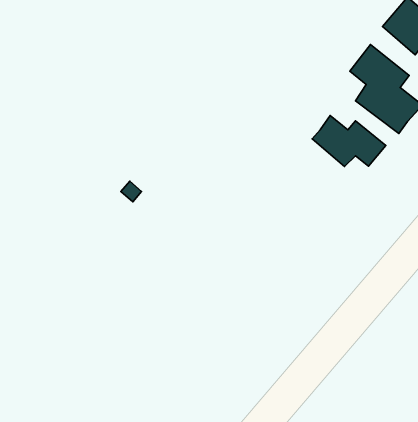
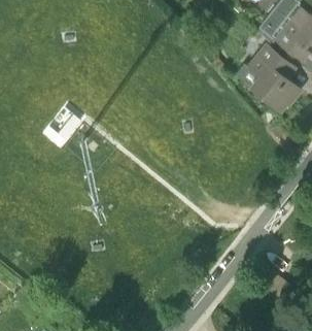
building: [312,116,386,167] -> none

